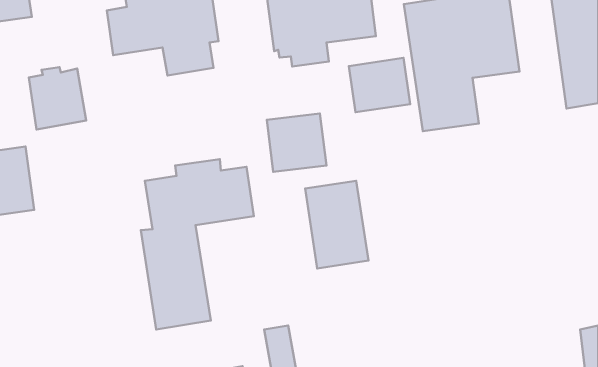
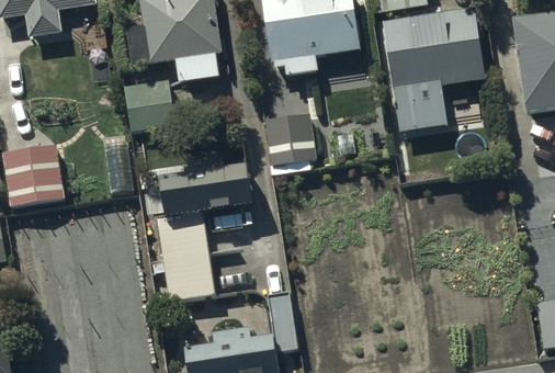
building: [349,58,410,112] -> none
building: [29,67,86,129] -> [125,79,174,133]
building: [305,181,369,269] -> none

